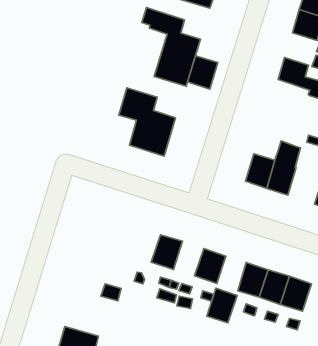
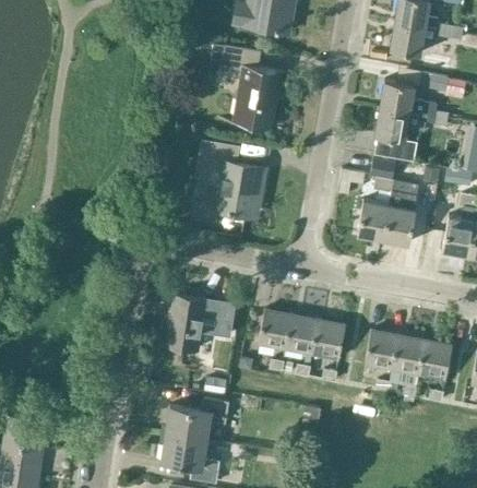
building: [188,56,218,89] -> none
building: none -> [375,108,420,159]
building: none -> [371,158,395,192]
building: none -> [167,295,232,349]
building: [207,288,237,323] -> [286,314,319,354]
building: none -> [166,398,229,440]

